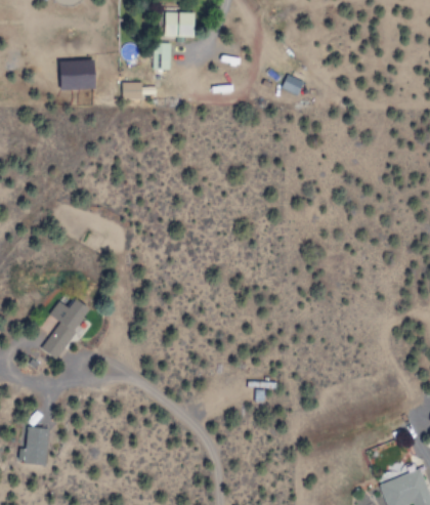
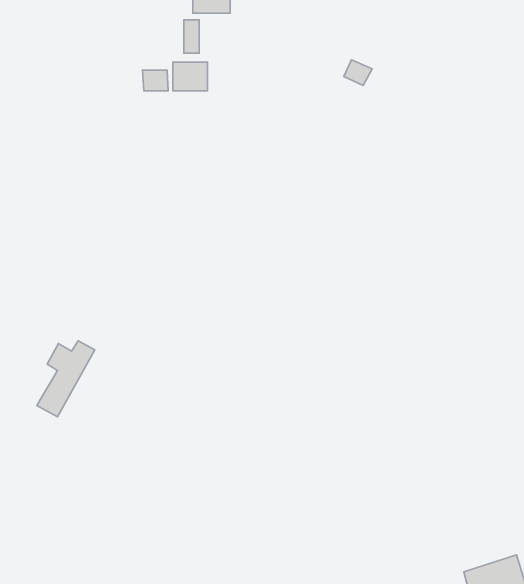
building: [63,60,98,89] -> none
building: none -> [173,62,207,91]
building: [25,427,46,465] -> none

